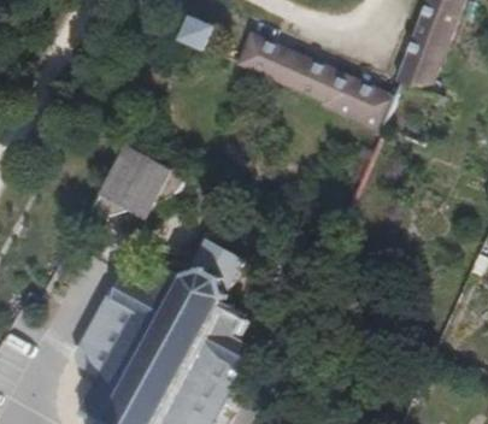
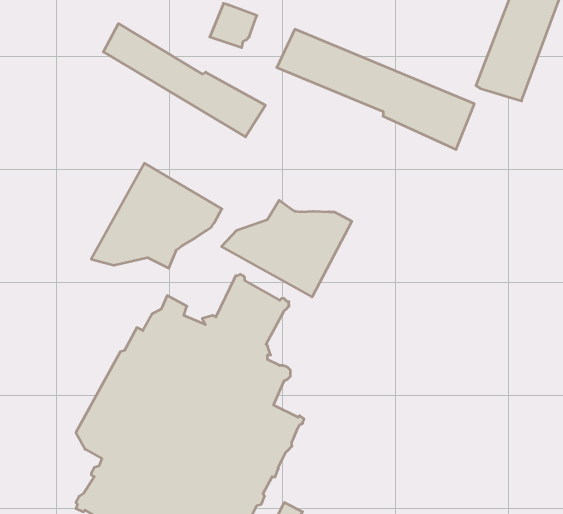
building: none -> [103,24,265,137]
building: none -> [222,200,352,297]

